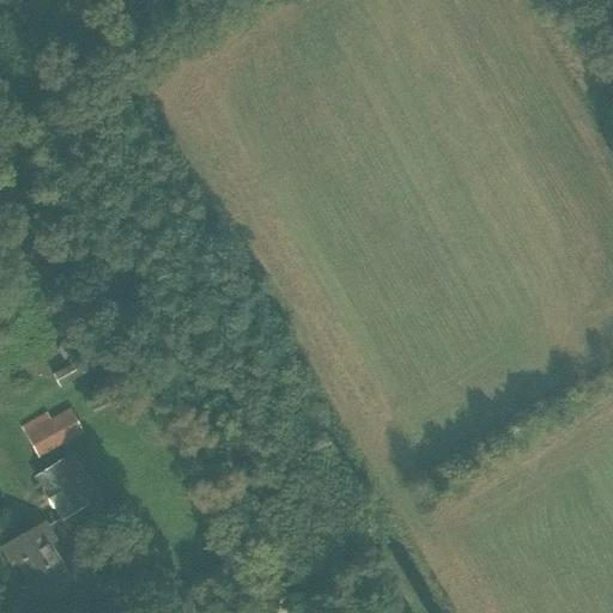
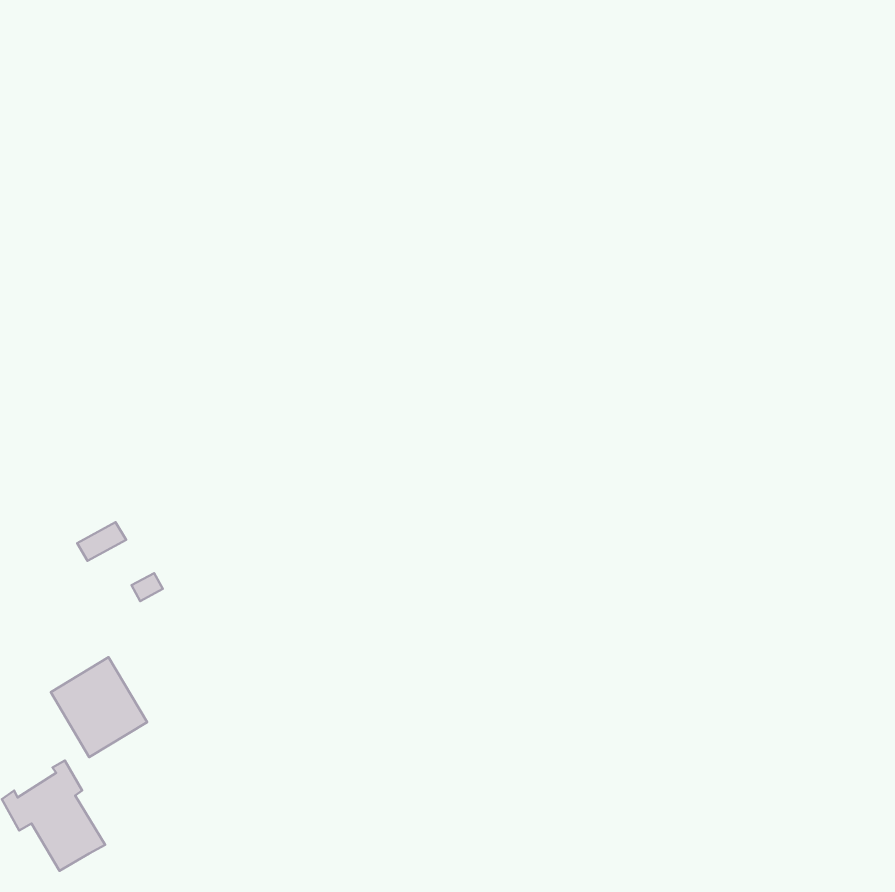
building: [20,406,83,456] -> none

